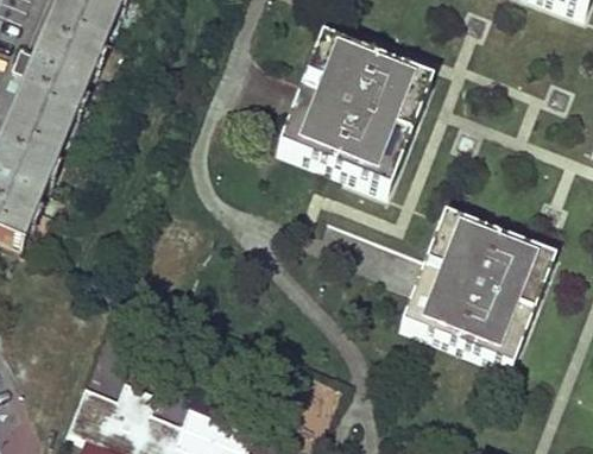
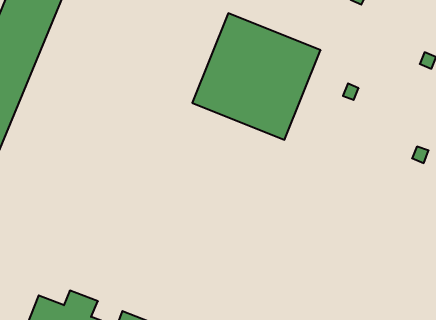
building: [402,208,559,362] -> none

